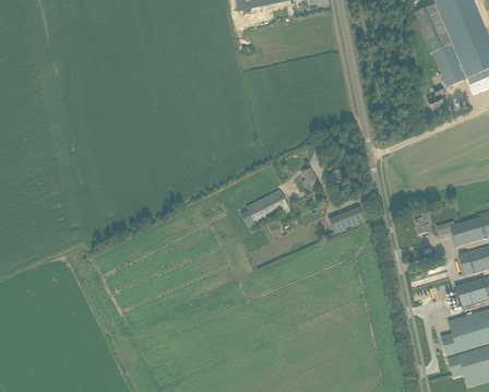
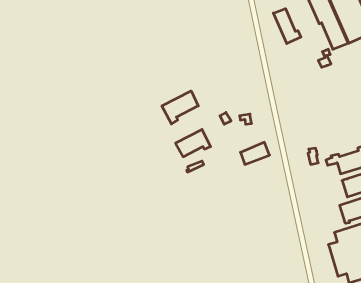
building: none -> [273,9,301,44]
building: none -> [162,91,198,124]

